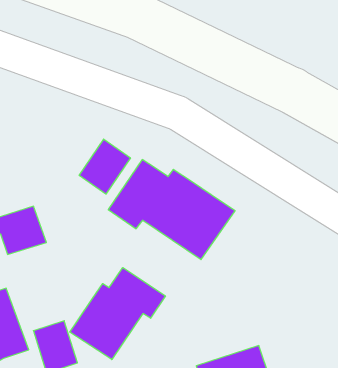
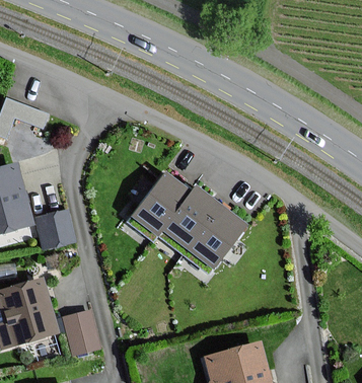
building: [79,139,130,194] -> none
building: [70,268,165,360] -> none

